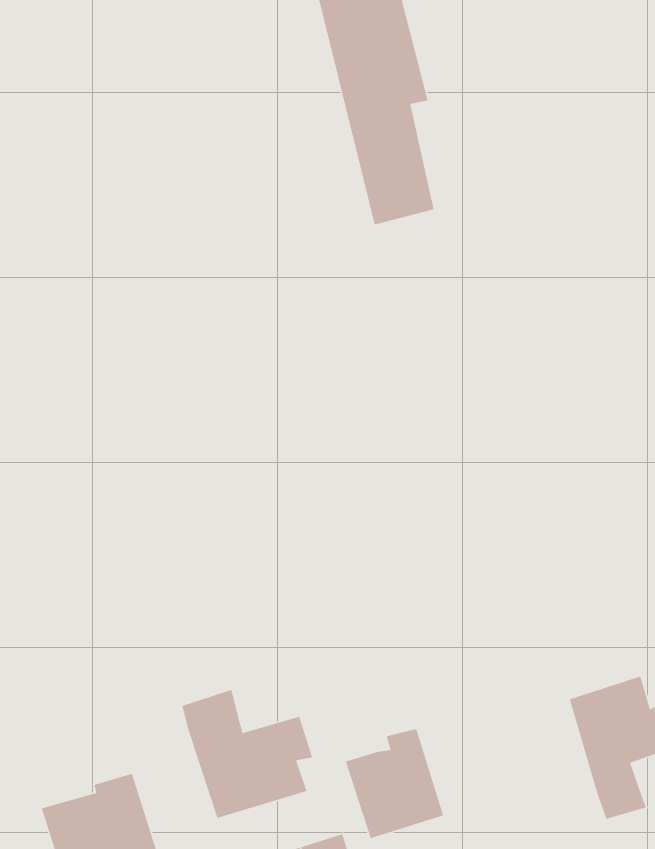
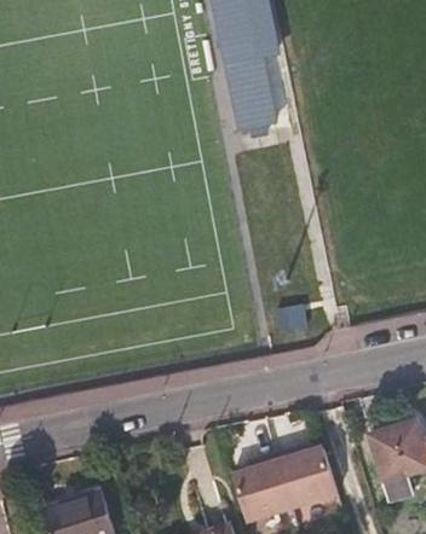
building: [181,689,313,819] -> none
building: none -> [276,448,336,510]

